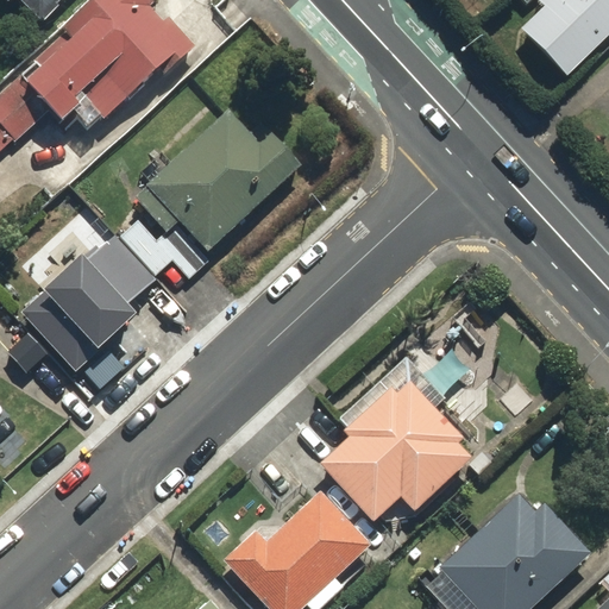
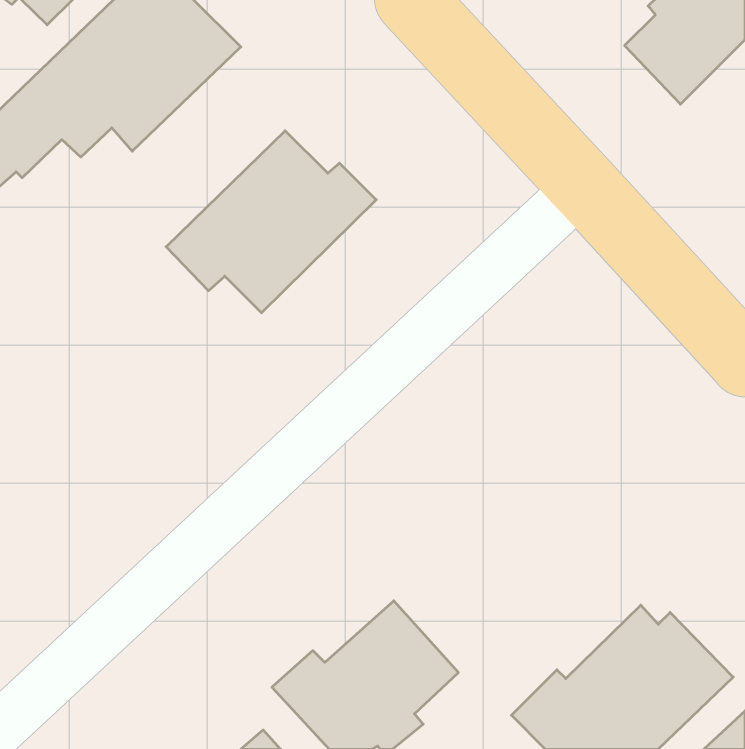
building: [26,218,200,370] -> none
building: [318,353,490,523] -> none

